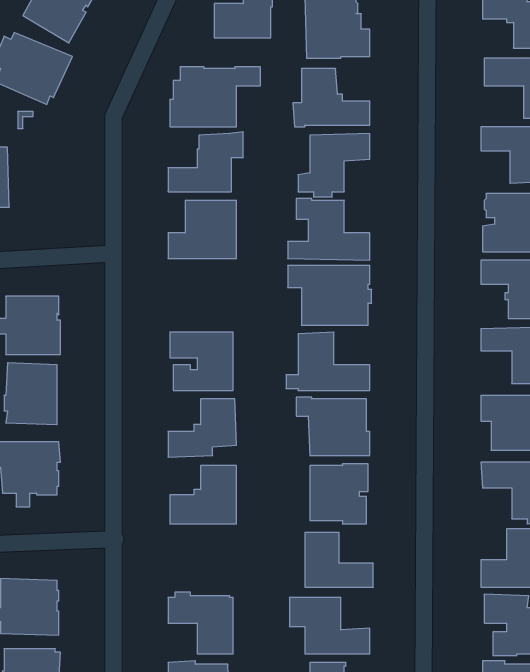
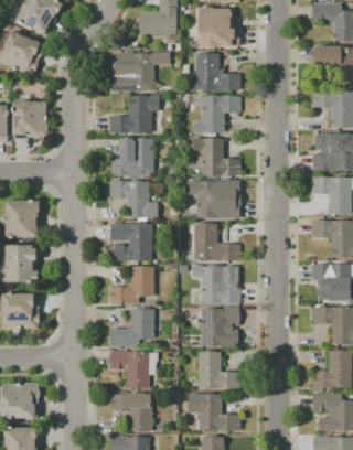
building: none -> [12,94,47,138]
building: none -> [108,181,158,218]
building: none -> [110,350,157,388]

